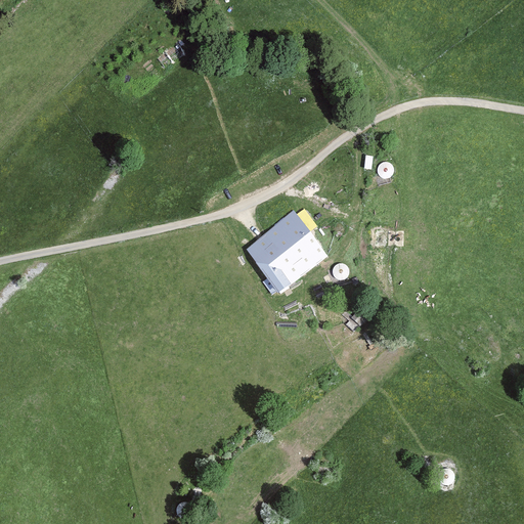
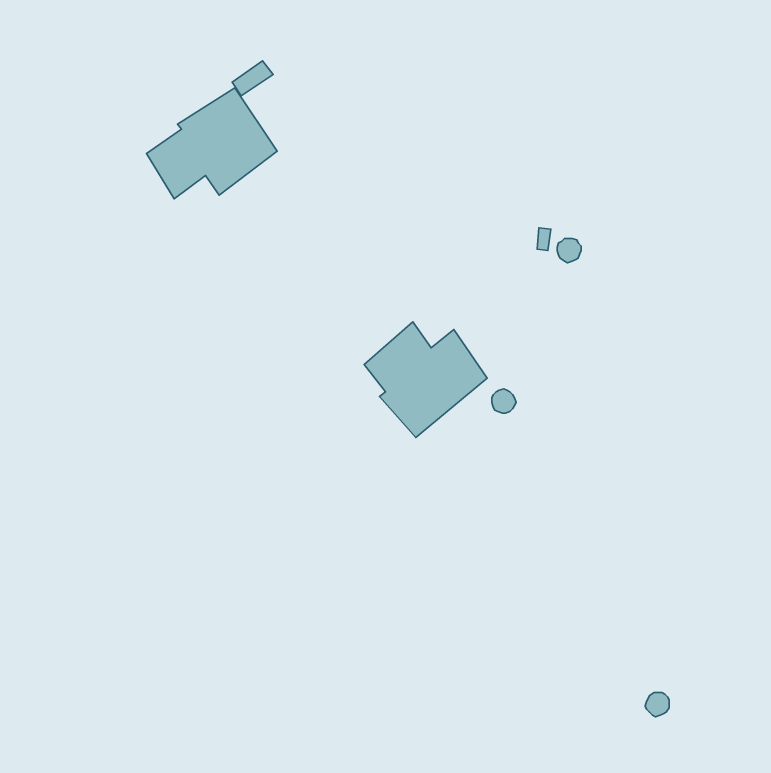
building: none -> [146,88,277,199]

